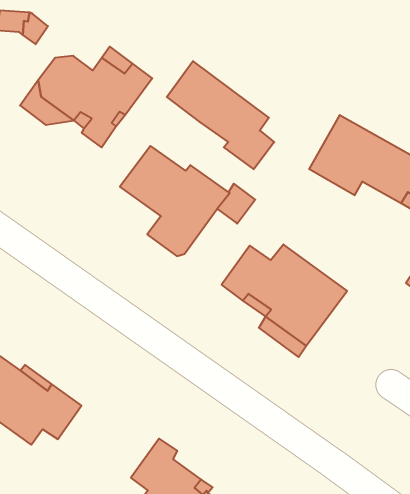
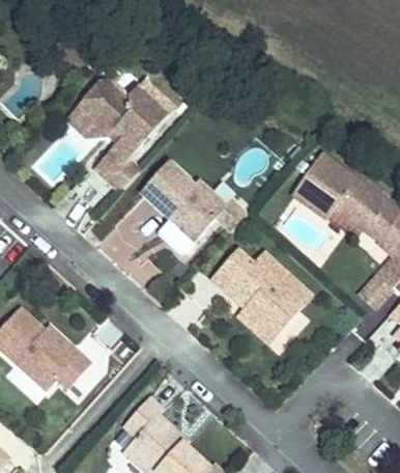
building: [167,61,274,169] -> none
building: none -> [95,145,140,189]

